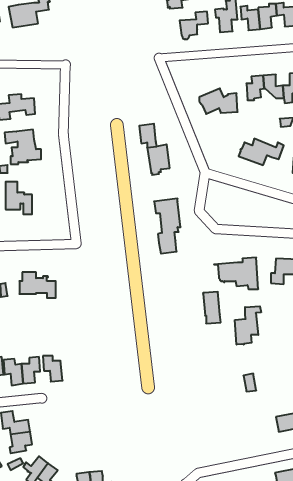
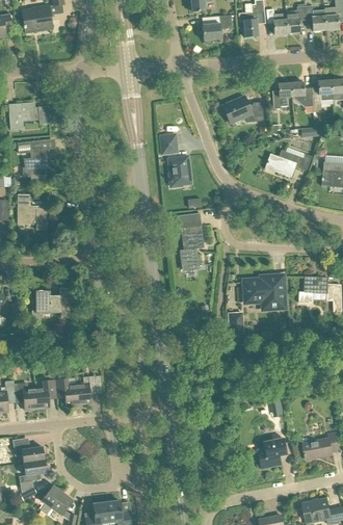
building: [235,306,261,345] -> none
building: none -> [76,375,96,404]
building: none -> [257,437,286,468]

